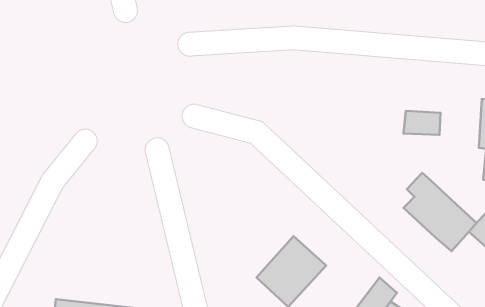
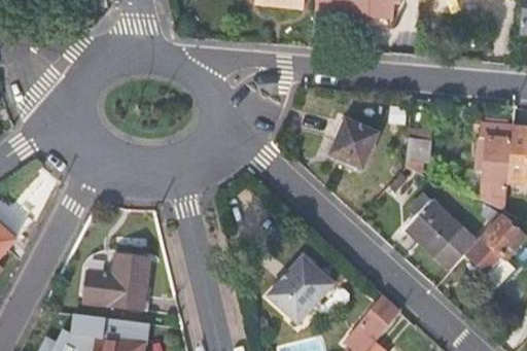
building: none -> [329,120,376,168]
building: none -> [83,255,147,307]

